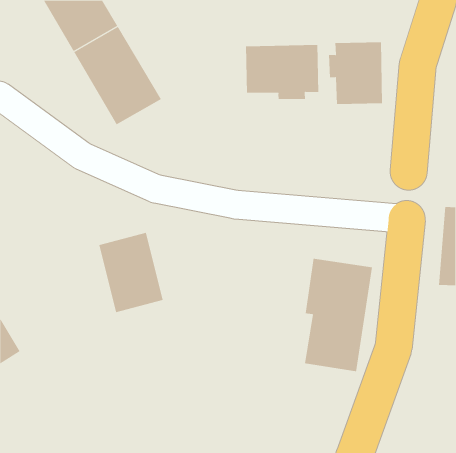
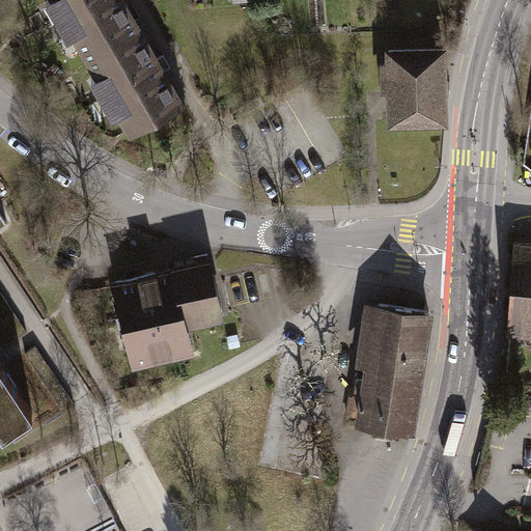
building: [246,44,319,100] -> none
building: none -> [170,264,225,332]

